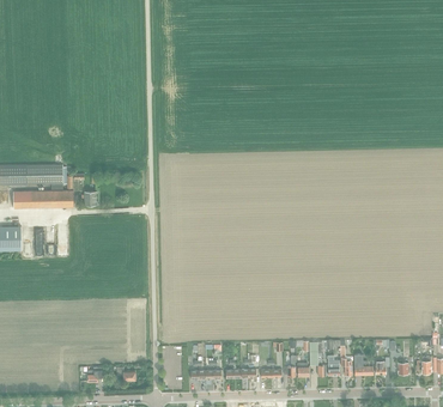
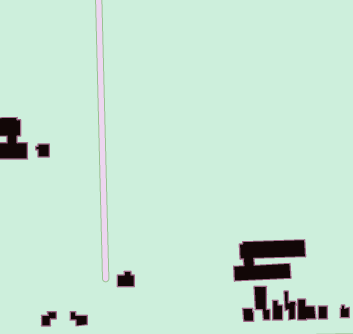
building: none -> [234,240,305,281]

